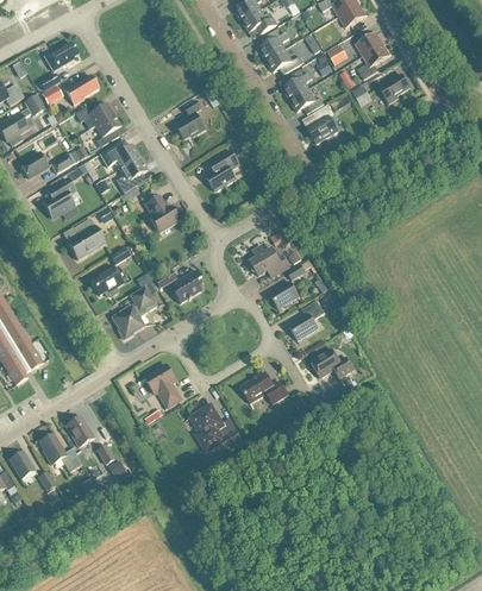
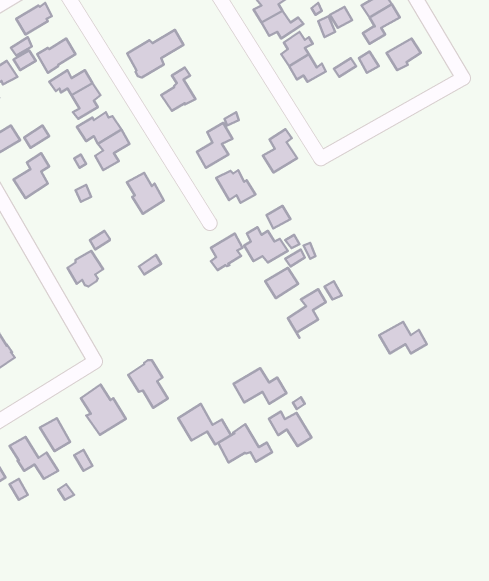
building: none -> [127,30,183,78]
building: [307,103,338,143] -> [263,129,297,173]
building: none -> [216,170,255,203]
building: [67,218,105,259] -> none
building: [174,269,202,302] -> [211,233,243,270]
building: [112,287,156,338] -> none
building: [311,348,353,377] -> [379,322,427,354]
building: none -> [81,385,126,435]
building: none -> [269,411,311,446]
building: none -> [218,424,272,462]

